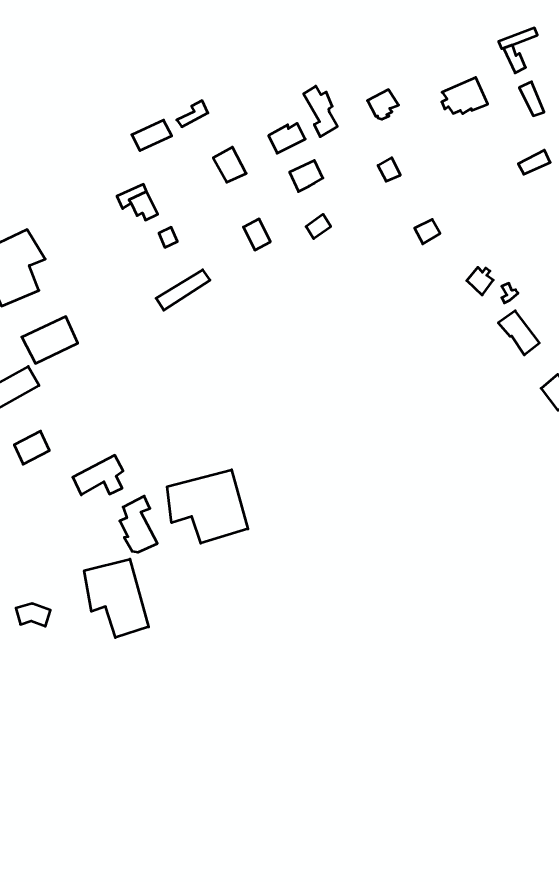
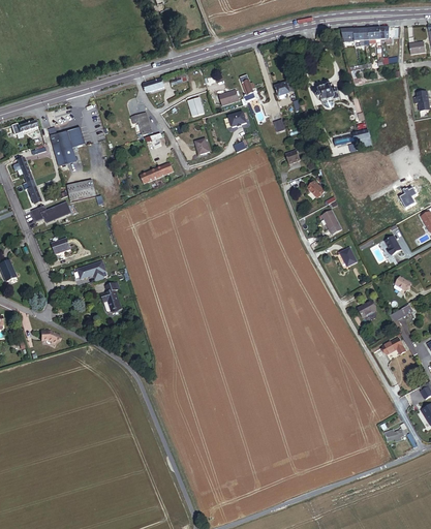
building: [167,470,248,543] -> none
building: [84,559,149,638] -> none

